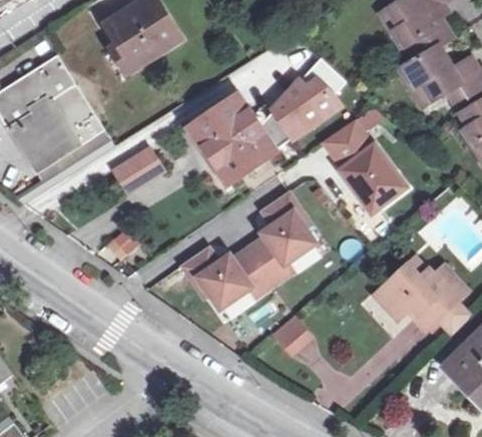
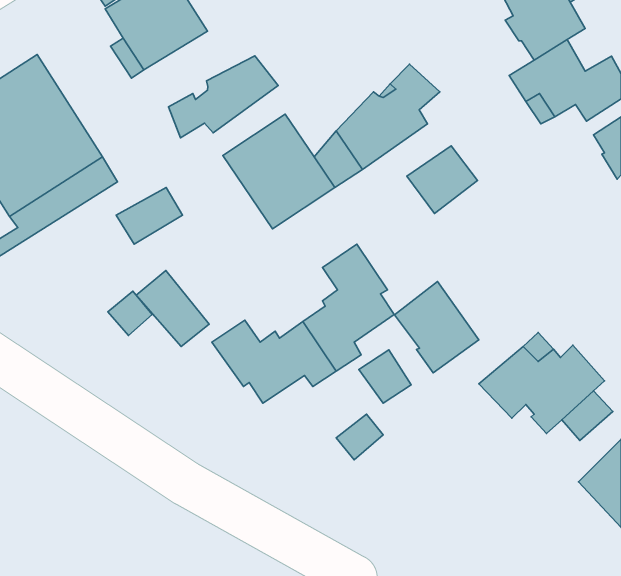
building: none -> [168,56,278,138]
building: [344,146,405,212] -> [394,282,479,373]
building: none -> [136,271,209,347]
building: none -> [359,350,411,403]

